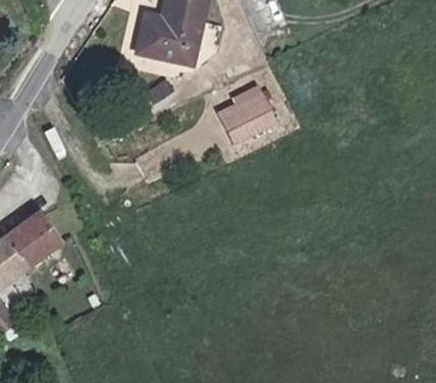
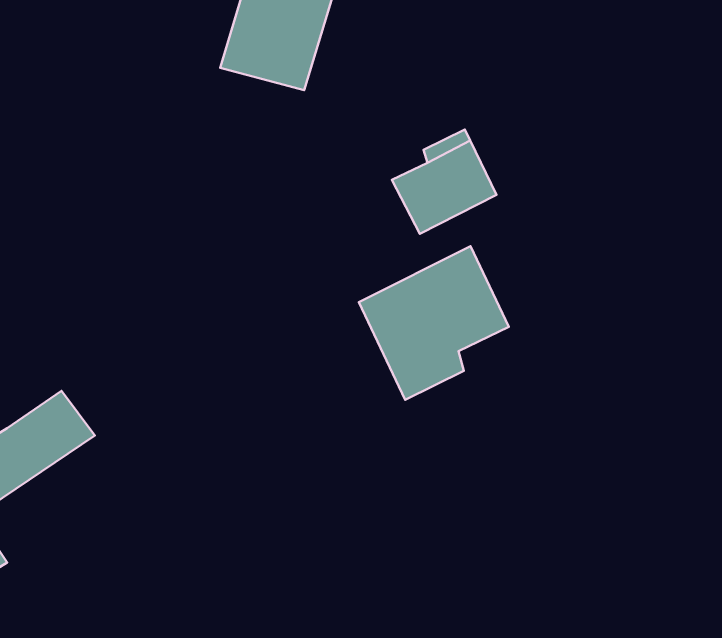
building: none -> [359,246,509,400]

